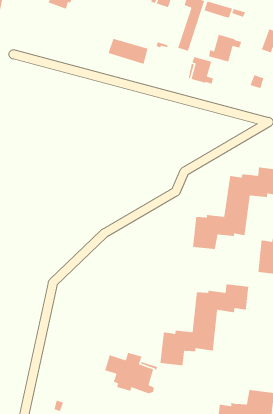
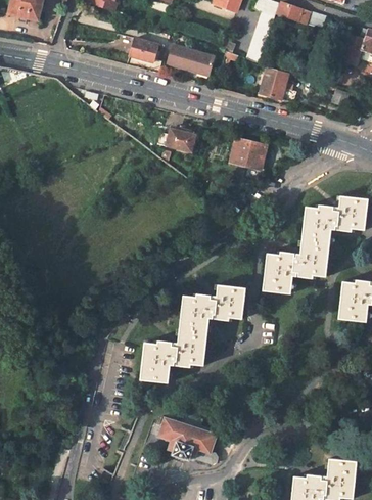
building: none -> [128,37,156,61]
building: [208,34,242,62] -> none
building: none -> [159,128,198,152]
building: none -> [226,136,267,169]
building: [160,284,249,366] -> [141,286,246,383]

